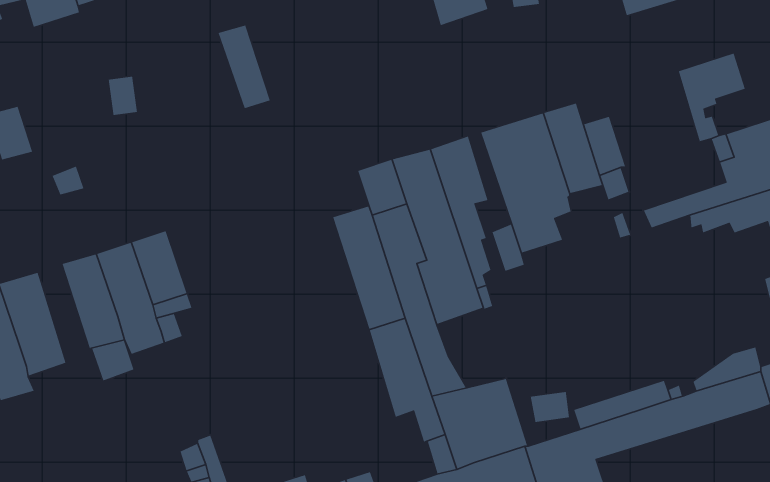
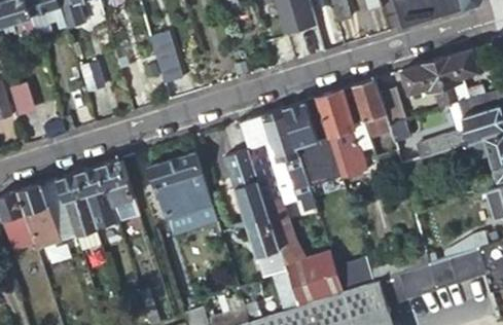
building: none -> [400,62,448,109]
building: none -> [147,155,211,223]

